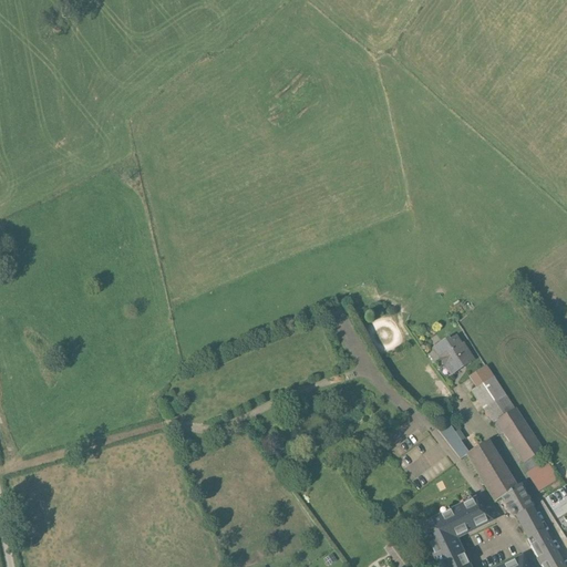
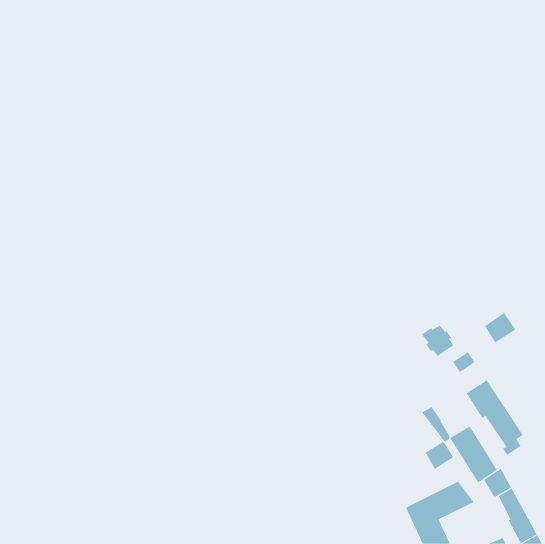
building: [473,375,506,408] -> [484,312,516,343]
building: none -> [425,442,454,470]
building: [527,458,560,489] -> none

